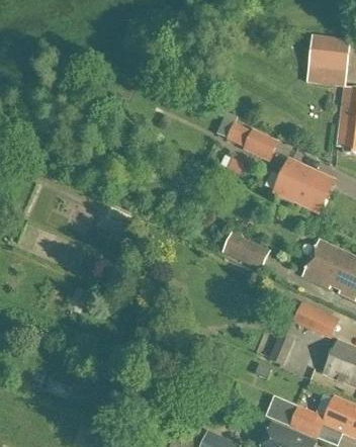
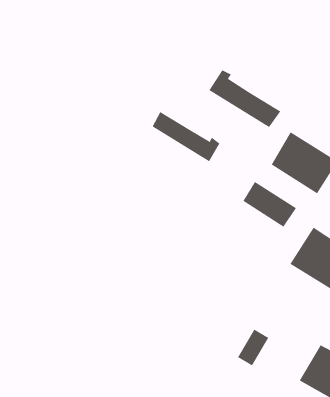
building: none -> [152,111,220,162]
building: [223,236,270,272] -> [242,181,297,228]
building: [293,303,340,339] -> none

